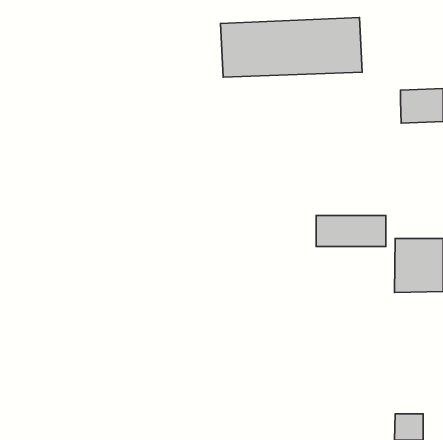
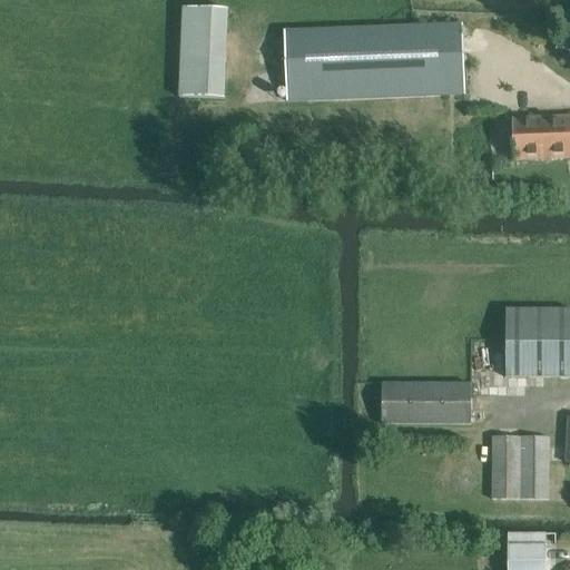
building: none -> [178,6,228,97]
building: [316,215,386,247] -> [381,381,470,421]
building: none -> [492,434,549,498]

